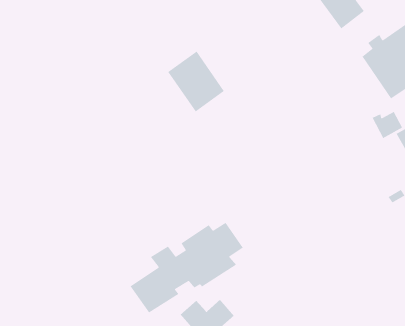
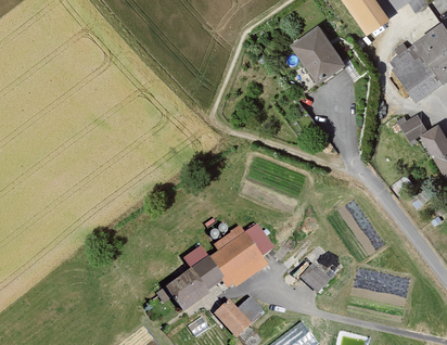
building: [167,50,225,113] -> [290,26,345,86]
building: none -> [301,260,331,291]

